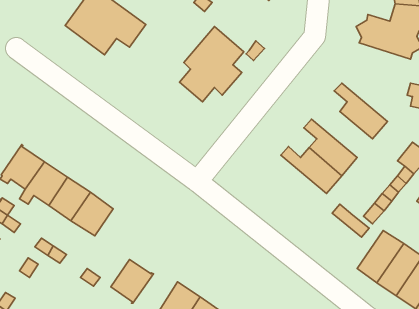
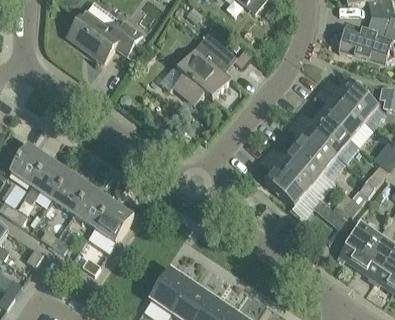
building: none -> [322,78,378,121]
building: none -> [294,111,350,154]
building: none -> [259,152,308,204]
building: [111,260,153,303] -> [95,201,134,241]

